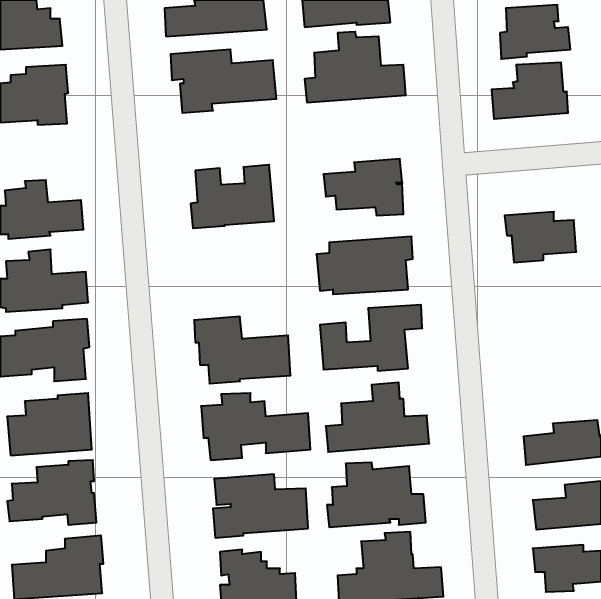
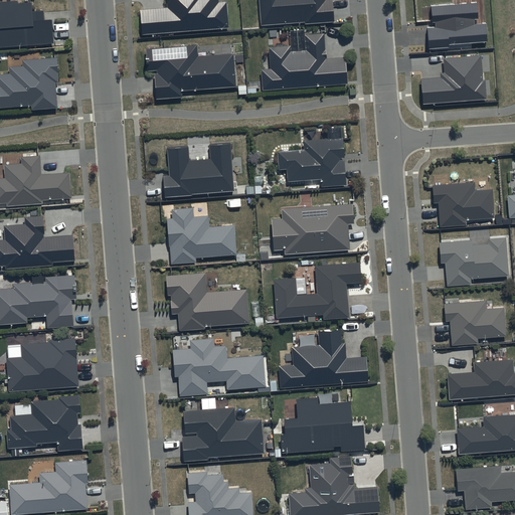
building: none -> [167,207,236,264]
building: none -> [439,237,508,285]
building: none -> [445,301,506,344]

